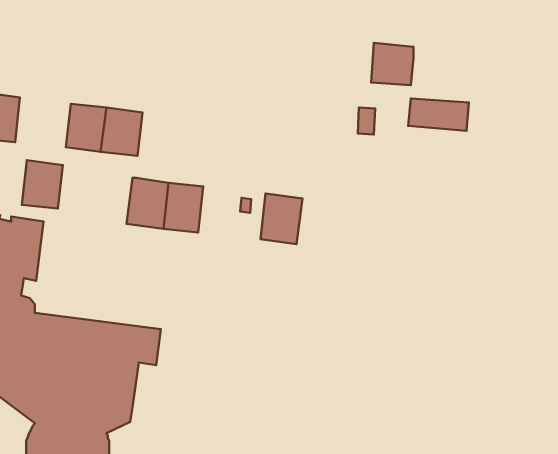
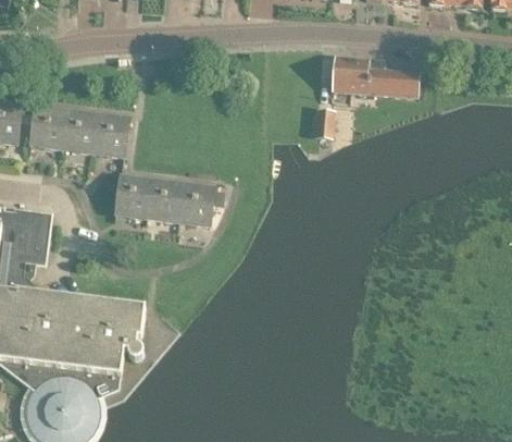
building: [408,99,469,131] -> [365,67,419,96]
building: [22,160,63,208] -> [30,103,66,146]
building: [261,193,303,244] -> [178,181,215,225]

